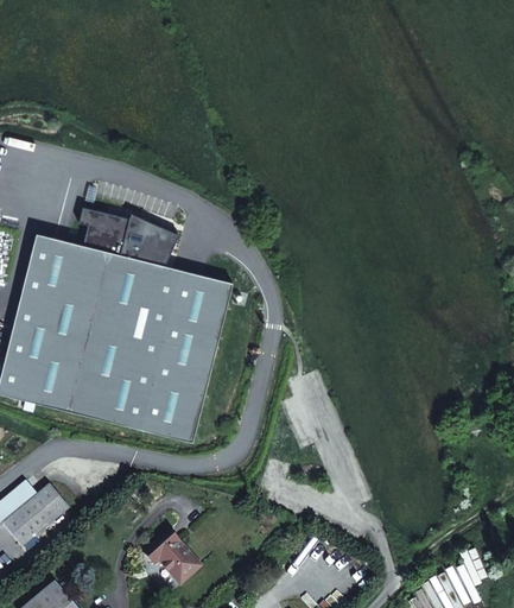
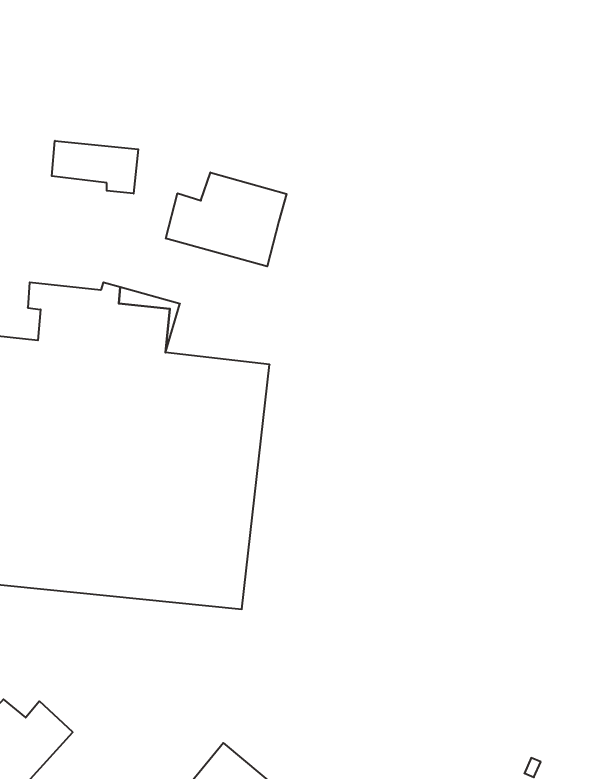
building: none -> [52,141,138,194]
building: none -> [166,172,287,266]

